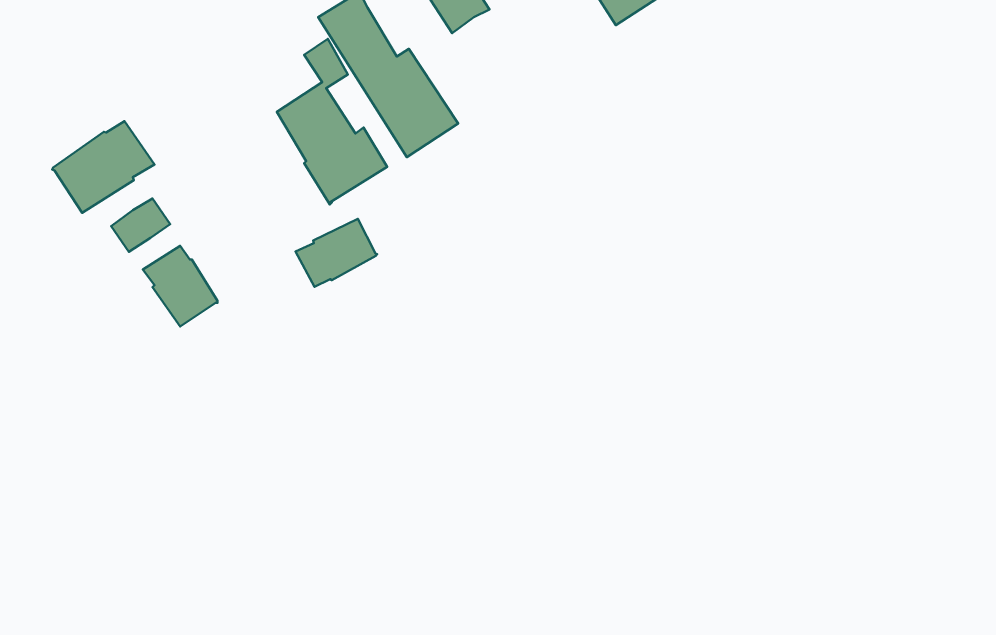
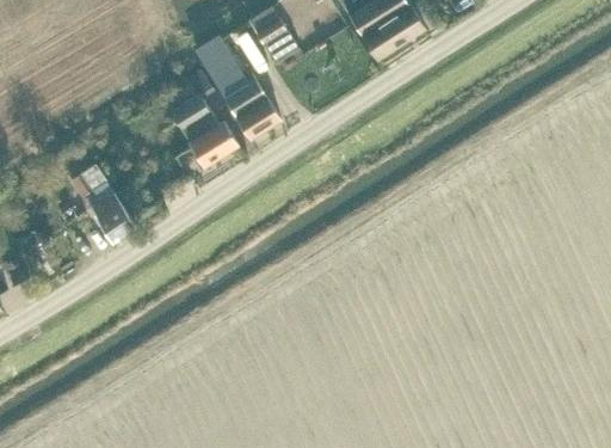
building: [52,121,154,213] -> none
building: [295,219,377,287] -> none

